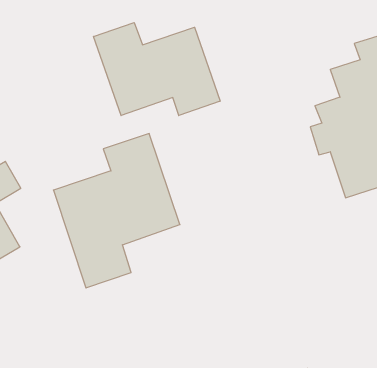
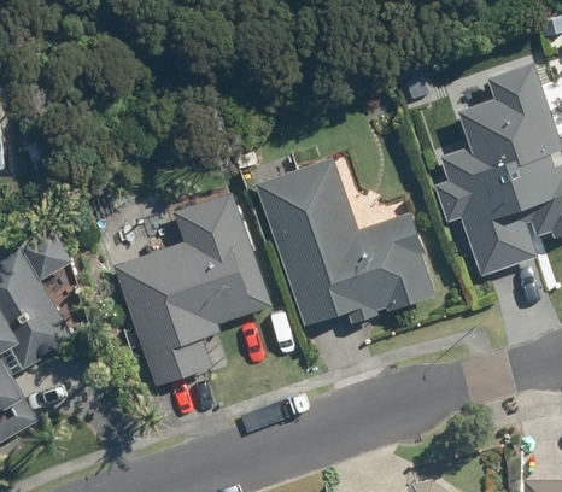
building: [94,23,220,116] -> none
building: none -> [254,154,433,324]

